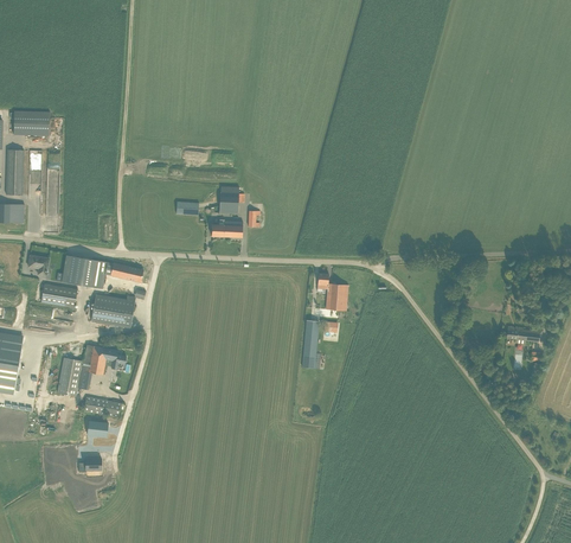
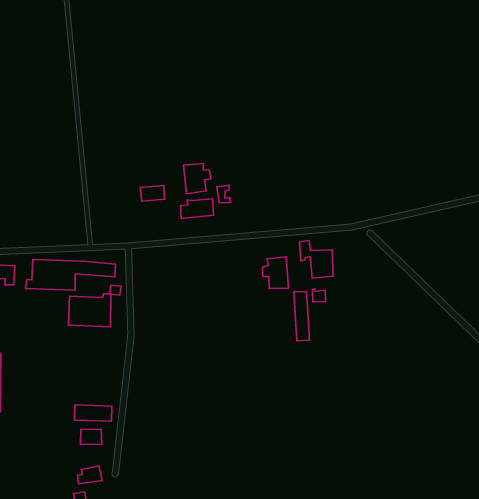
building: [41,283,77,307] -> none
building: none -> [262,257,289,289]
building: [57,344,126,396] -> none

